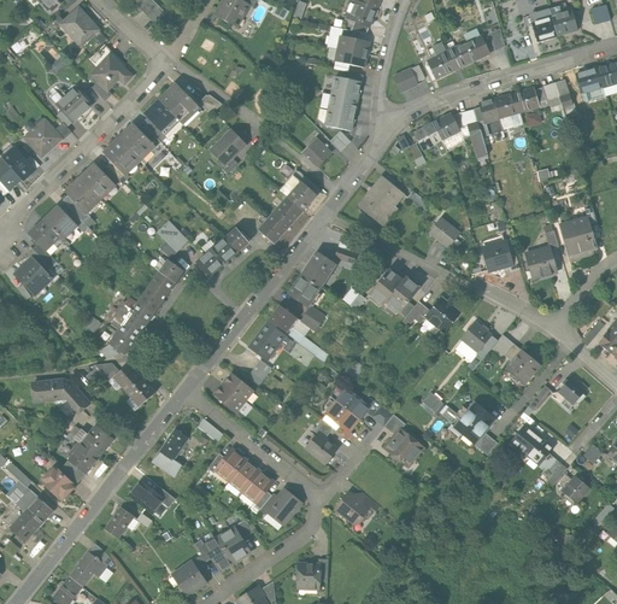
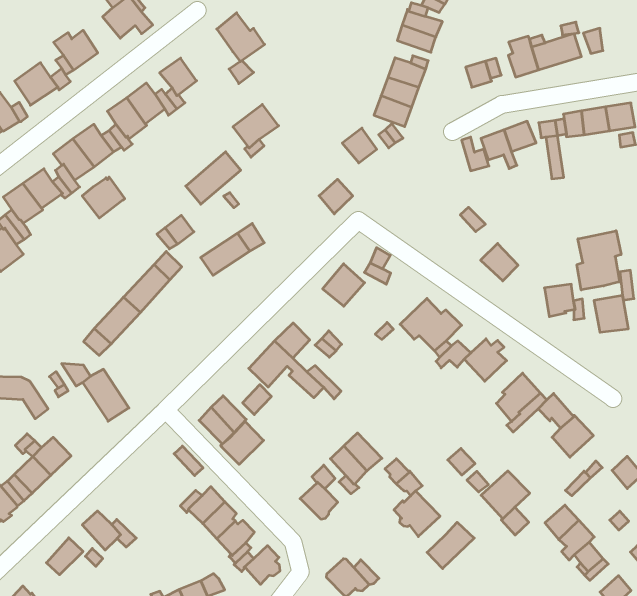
building: [159,84,200,124] -> [217,13,265,62]
building: [358,176,404,223] -> none
building: none -> [577,231,621,290]
building: [259,198,302,244] -> [186,152,241,204]
building: none -> [82,177,125,218]
building: [289,274,321,305] -> none
building: none -> [221,421,264,464]
building: [153,428,189,476] -> none
building: none -> [427,522,474,569]

